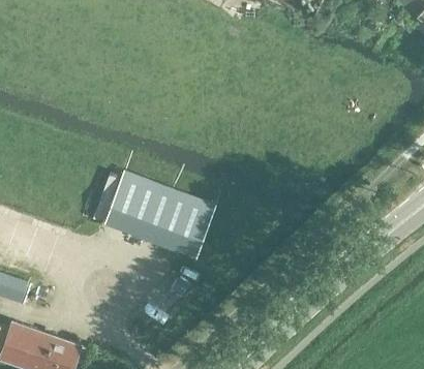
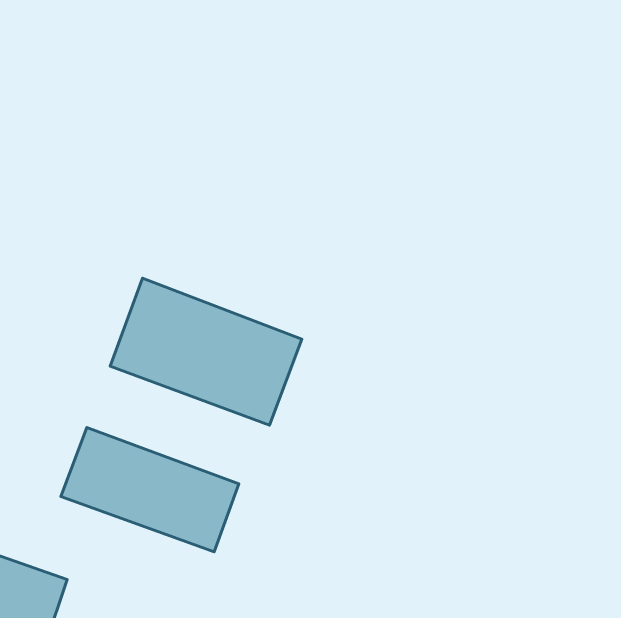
building: none -> [61,427,239,552]

